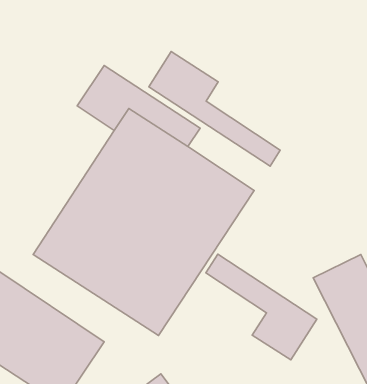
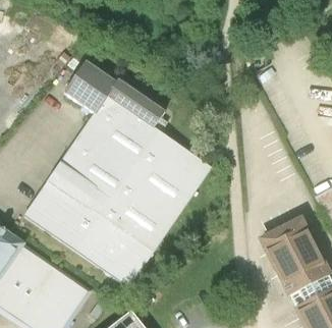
building: [149,51,280,166] -> none
building: [206,254,317,360] -> none

